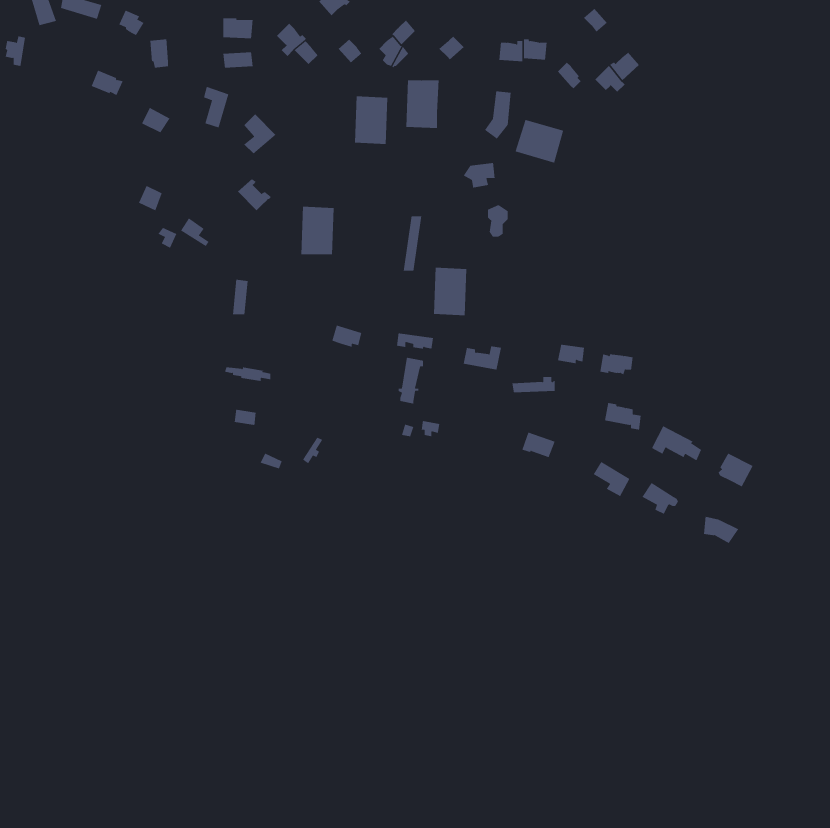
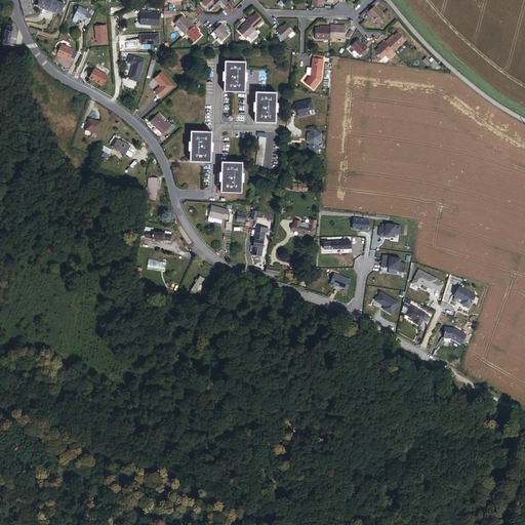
building: [405,80,440,129] -> [254,91,276,122]
building: [515,119,564,164] -> none
building: [433,267,467,316] -> [220,161,242,192]

